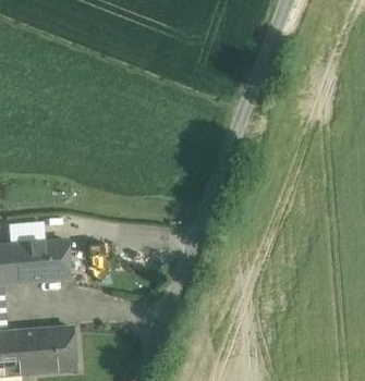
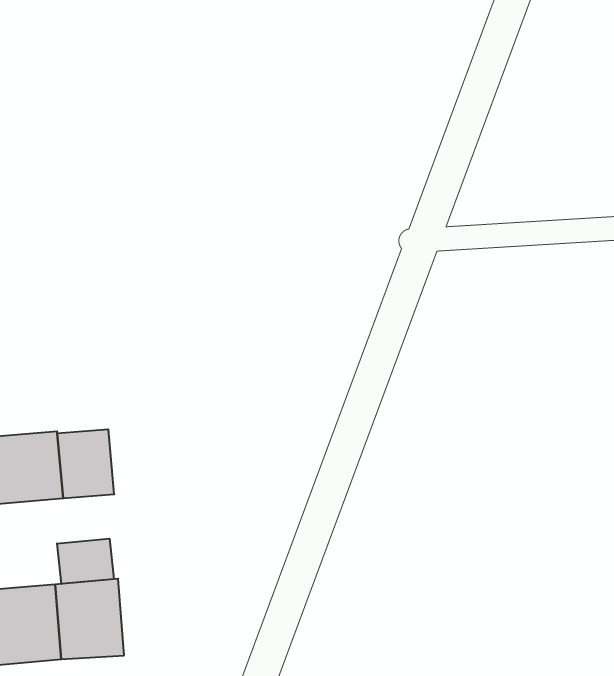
building: none -> [57,539,114,584]

